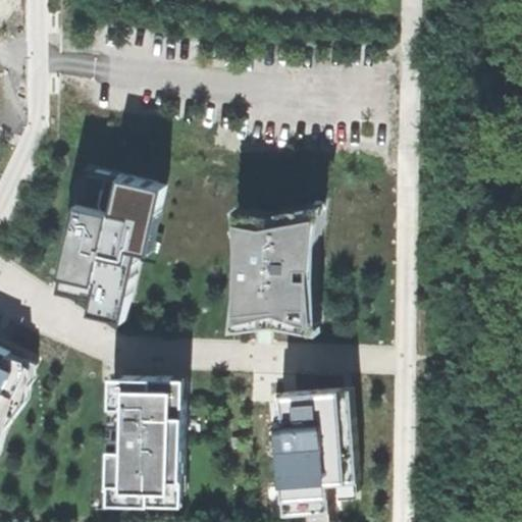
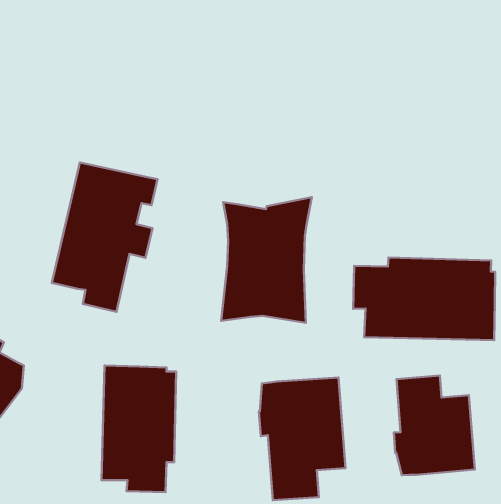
building: none -> [353,258,495,340]
building: none -> [394,375,475,475]

